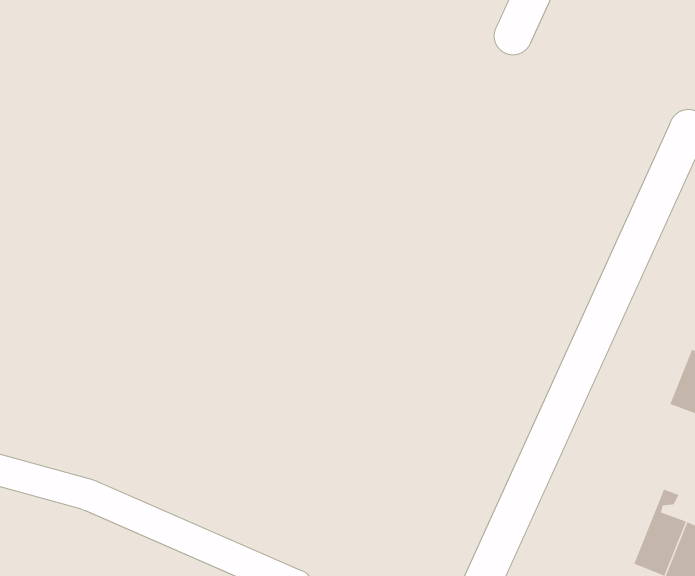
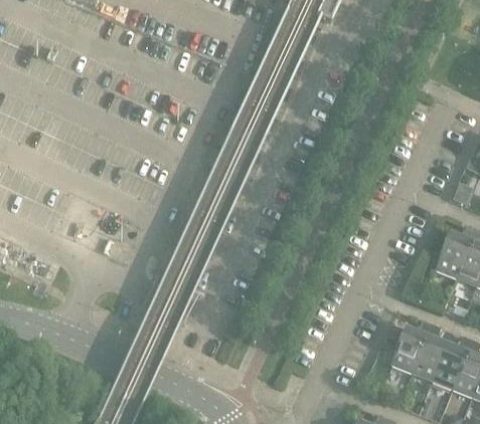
building: none -> [390,321,431,372]

